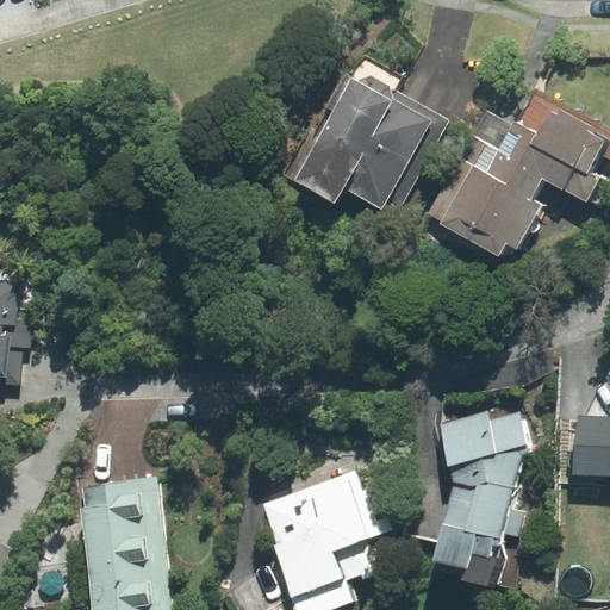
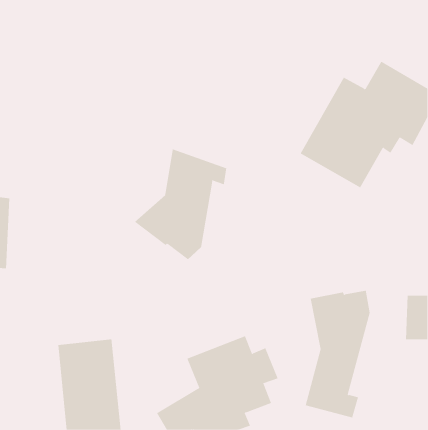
building: [299,46,440,212] -> none
building: none -> [134,148,227,260]

